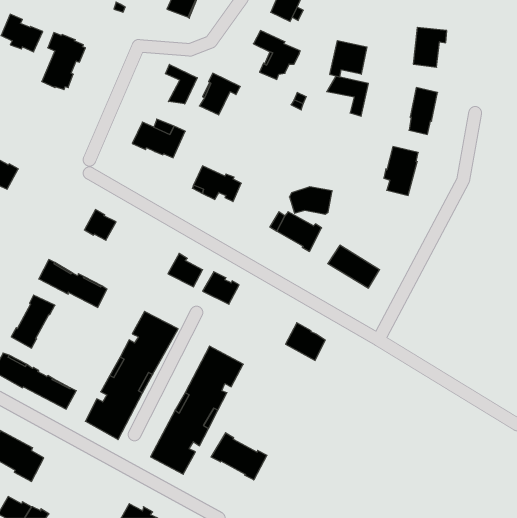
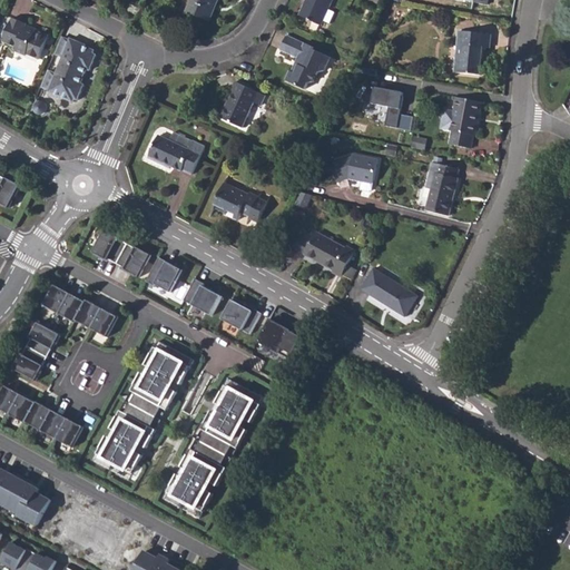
building: [330,41,367,77] -> none
building: [166,64,197,104] -> none
building: [289,187,332,214] -> [330,153,376,183]
building: none -> [116,243,150,276]
building: none -> [146,257,181,292]
building: [286,323,325,360] -> [258,317,302,358]
building: [211,433,267,480] -> none

